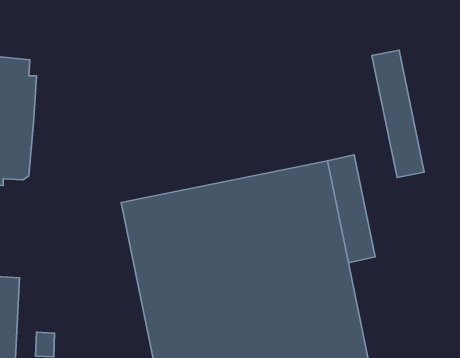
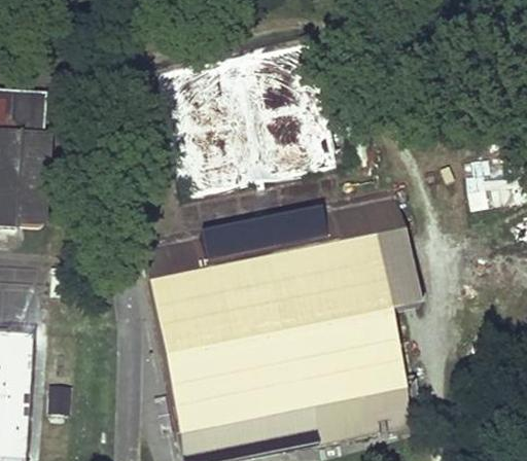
building: [372,50,424,178] -> none

